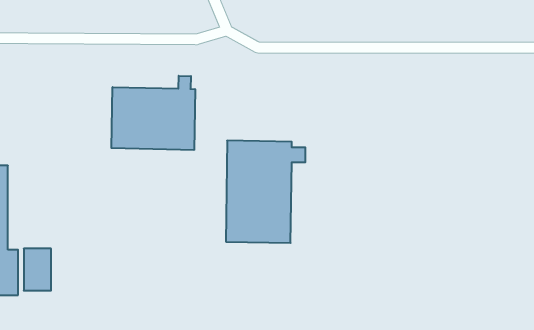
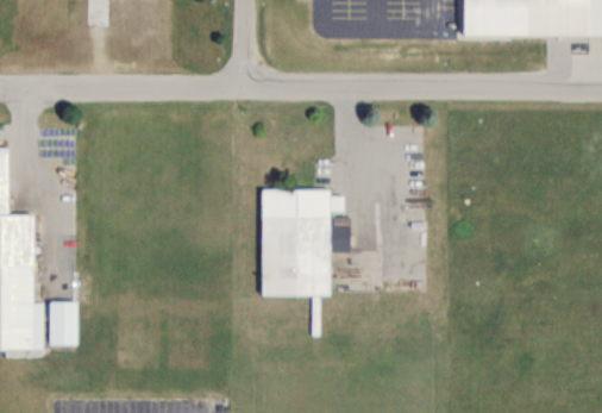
building: [111,76,195,150] -> none

